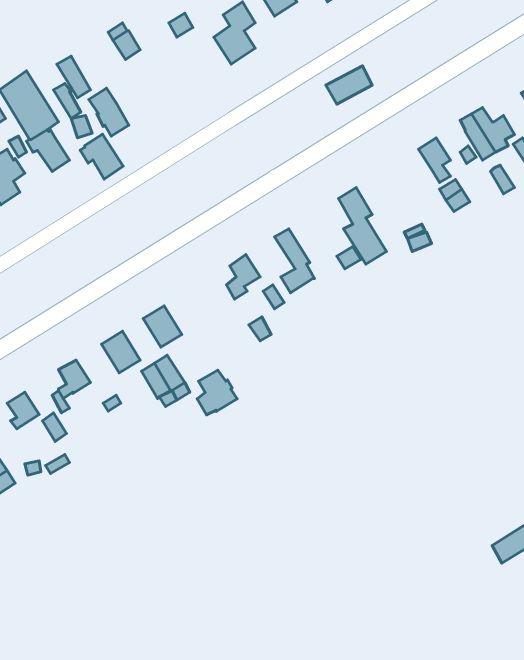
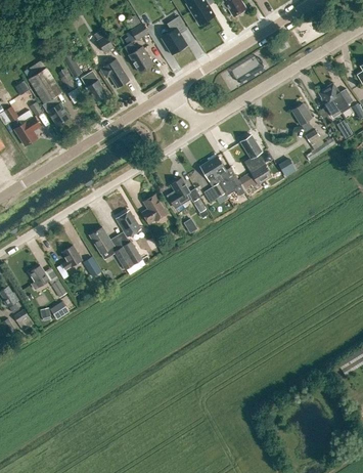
building: none -> [124,42,153,72]
building: [80,134,123,179] -> [101,59,129,88]
building: none -> [209,155,239,196]
building: [197,370,237,415] -> [142,193,168,222]

